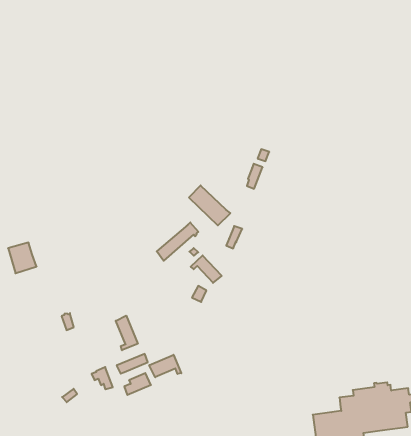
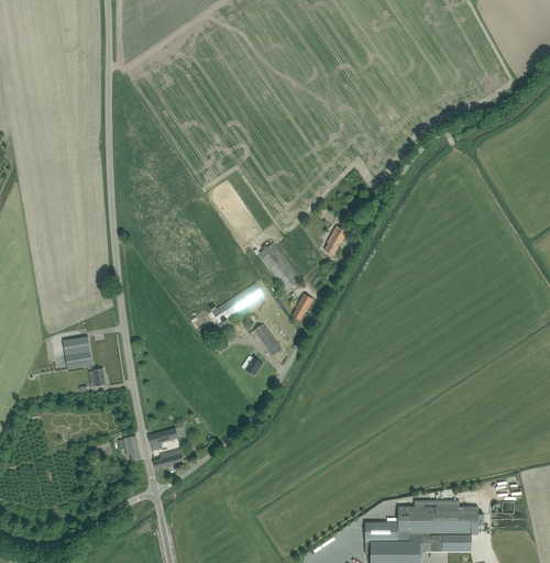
building: [8,243,37,273] -> [63,336,92,369]
building: [116,316,138,350] -> none
building: [149,355,181,377] -> none

